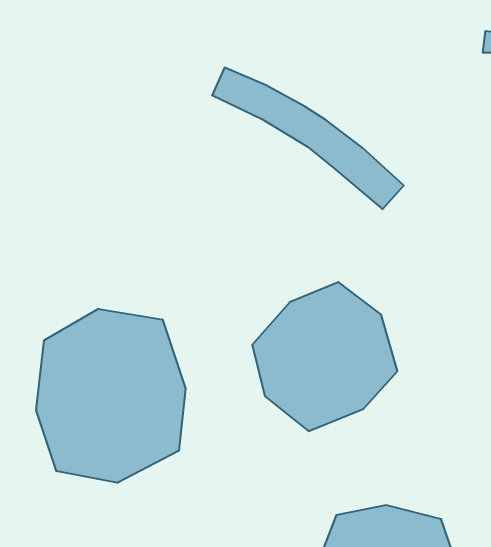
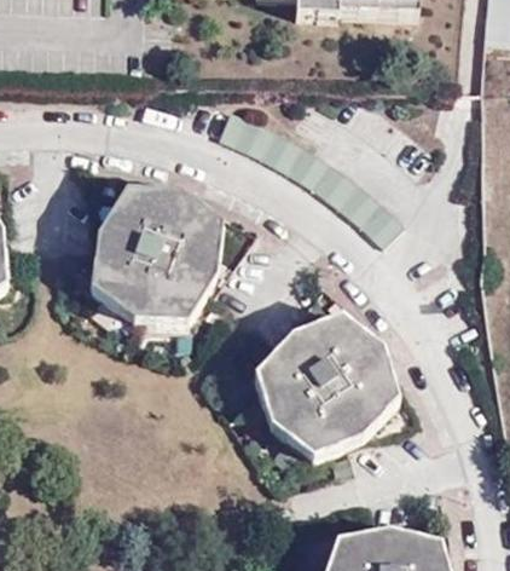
building: none -> [91,186,221,321]
building: [36,309,185,483] -> none

